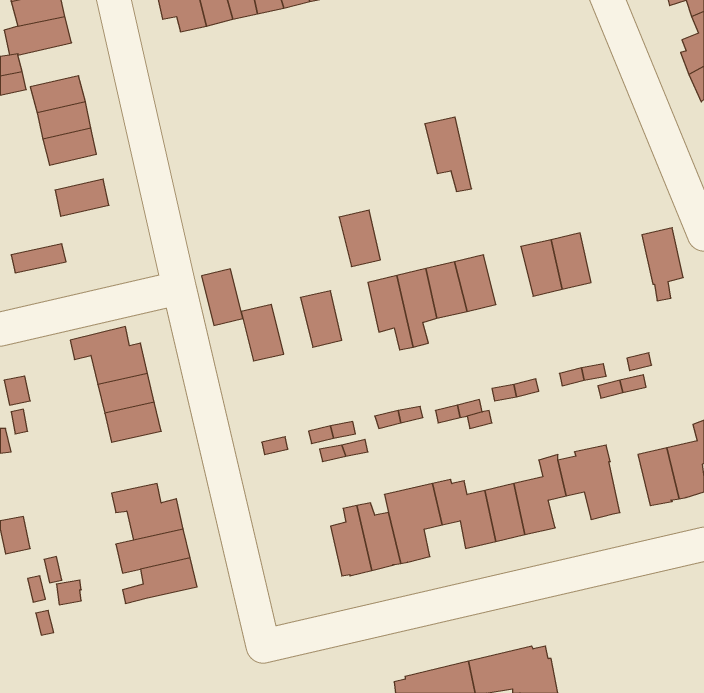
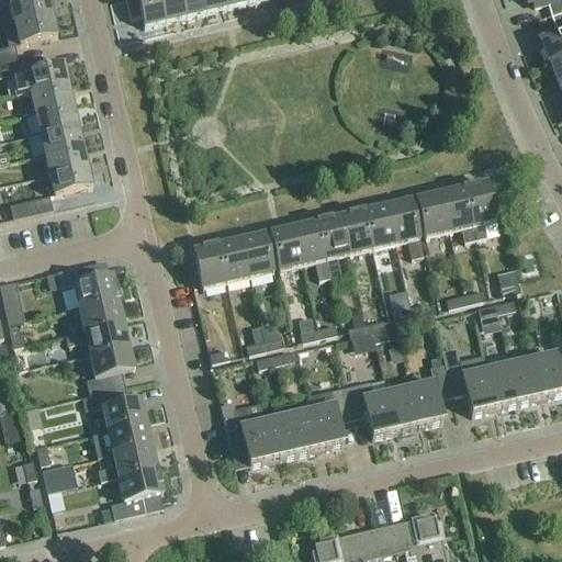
building: [425,117,472,191] -> [385,198,423,257]
building: none -> [40,123,82,151]
building: none -> [48,164,91,194]
building: [339,210,380,267] -> [269,225,302,270]
building: [642,228,683,301] -> [462,180,495,238]
building: [202,269,243,325] -> [216,237,249,282]
building: none -> [86,344,134,393]
building: none -> [485,362,518,408]
building: none -> [223,409,272,465]
building: none -> [101,468,162,520]

